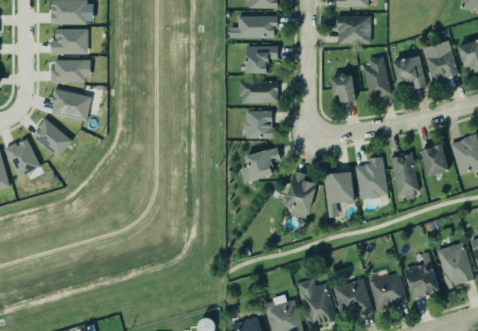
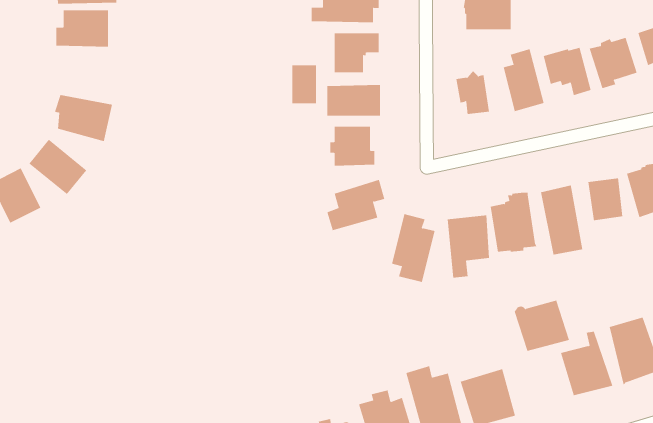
building: [52,58,88,82] -> none
building: none -> [292,64,316,104]
building: [368,273,407,309] -> [514,300,570,352]

